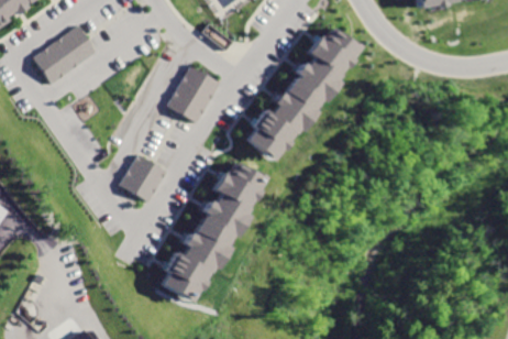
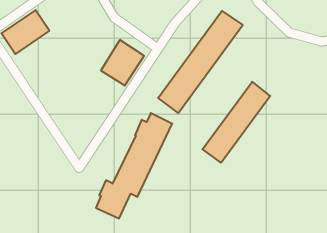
building: none -> [202,82,270,163]
building: [123,155,169,204] -> none

